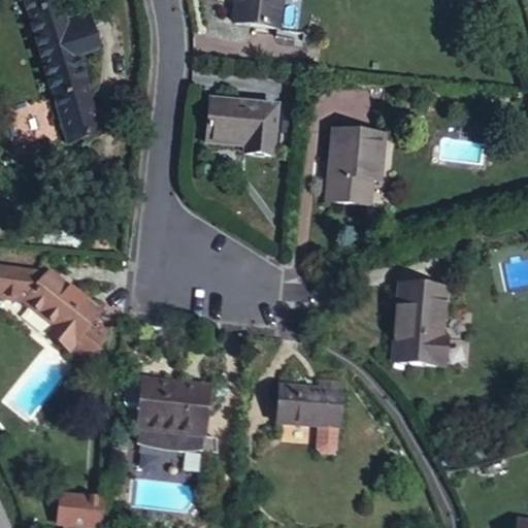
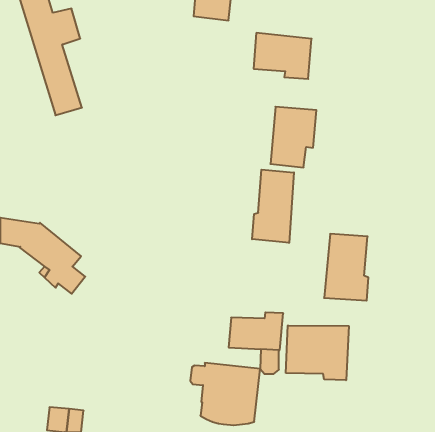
building: [207,96,277,152] -> [254,33,312,79]
building: none -> [252,170,294,243]
building: [125,377,209,453] -> [190,363,260,425]
building: none -> [286,325,349,380]

